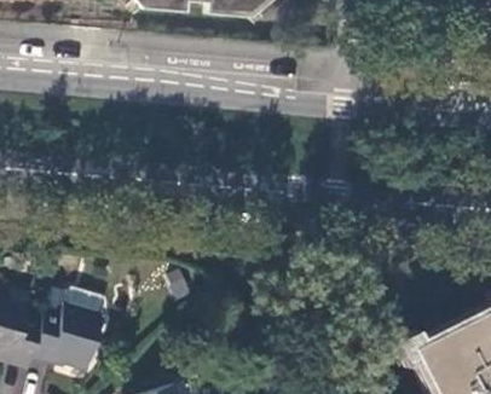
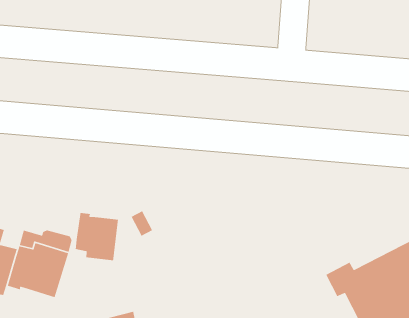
building: none -> [75,212,119,261]

